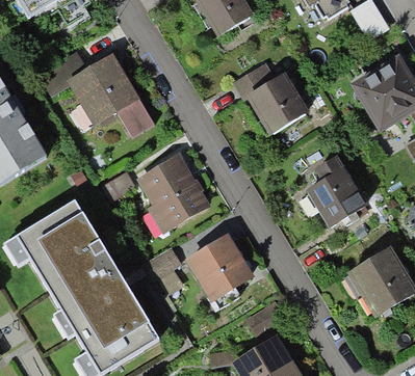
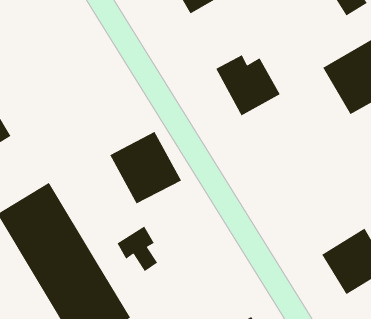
building: [36,44,152,132] -> none
building: [304,158,362,227] -> none
building: [187,237,255,304] -> none

